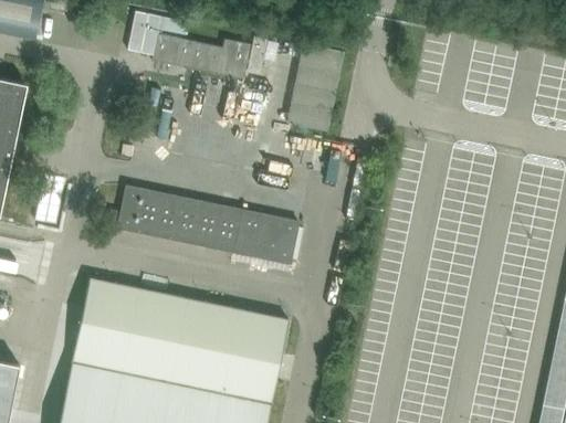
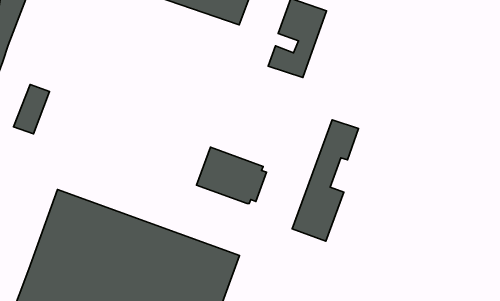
building: none -> [292,120,359,241]
building: [117,187,241,253] -> none

